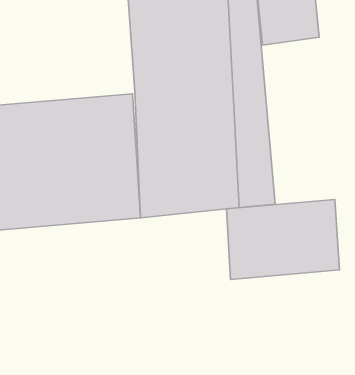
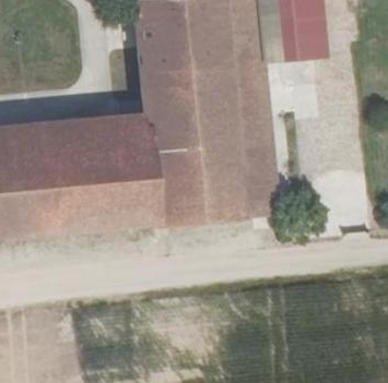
building: [227,199,340,279] -> none

